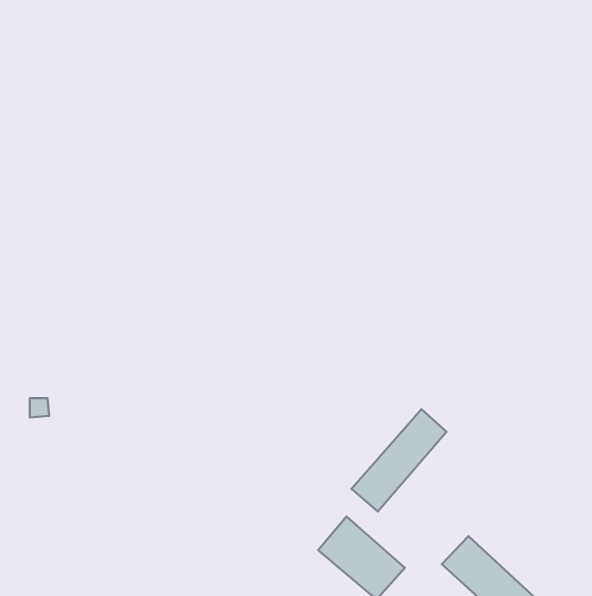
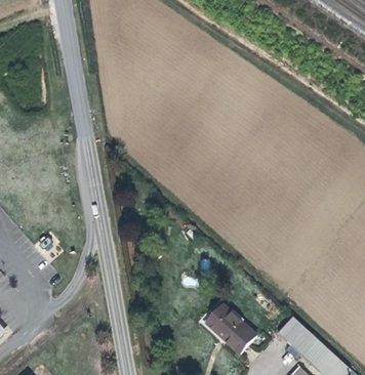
building: [351,409,446,512] -> none

